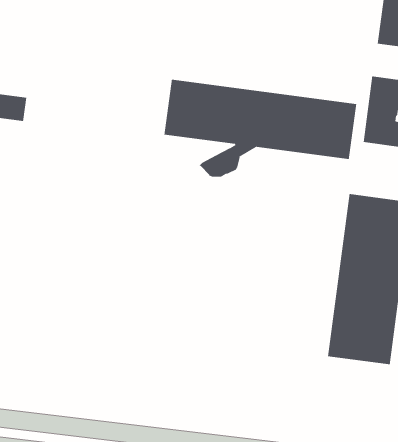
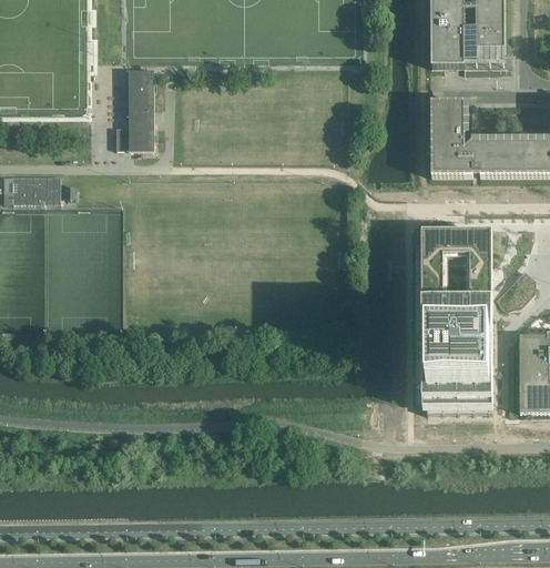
building: none -> [115,68,153,149]
building: [164,79,357,178] -> none

